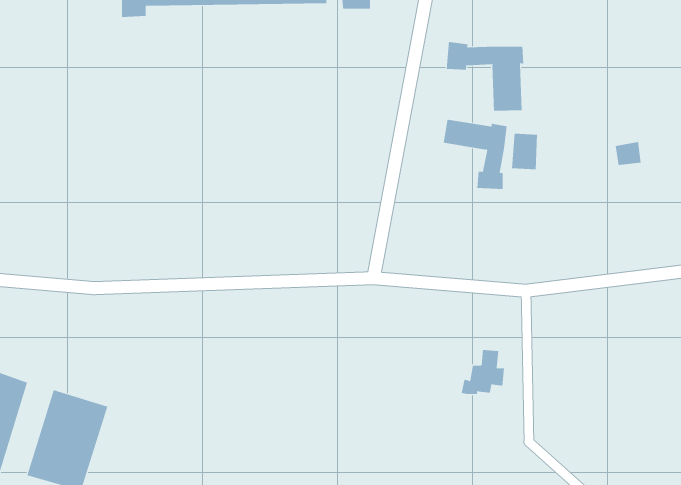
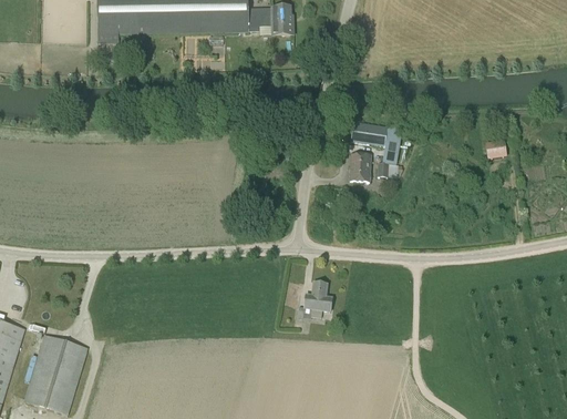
building: [446,41,524,112] -> none
building: [511,133,538,170] -> [349,153,370,182]
building: [461,350,505,395] -> [297,283,331,318]

